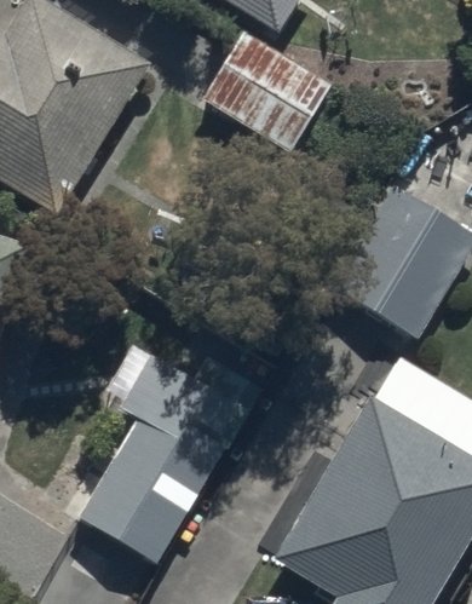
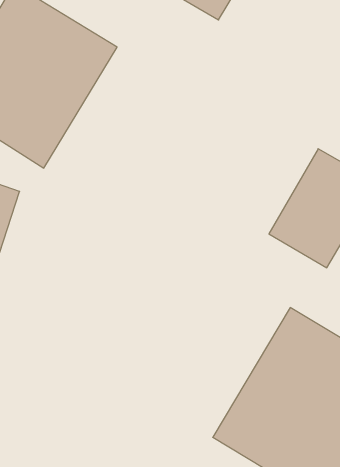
building: [201,30,329,150] -> none
building: [82,336,253,565] -> none

